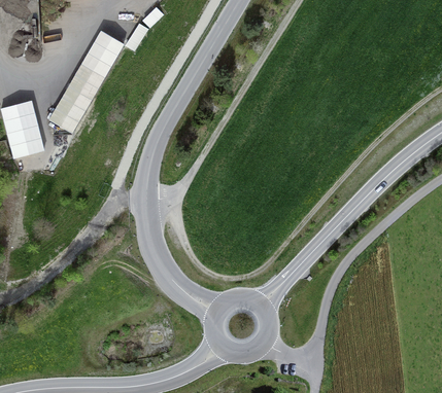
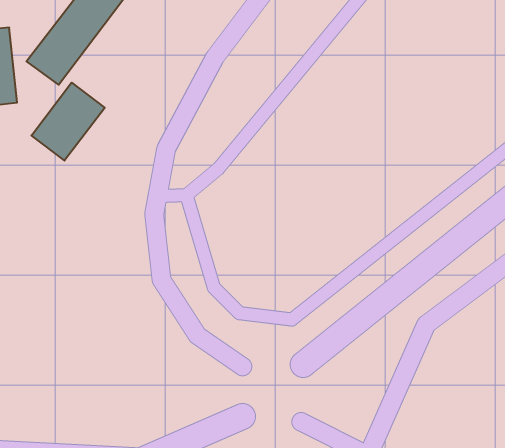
building: none -> [31,83,105,161]

